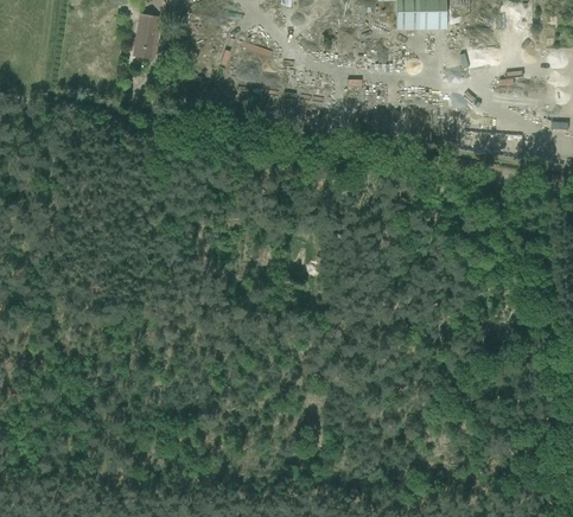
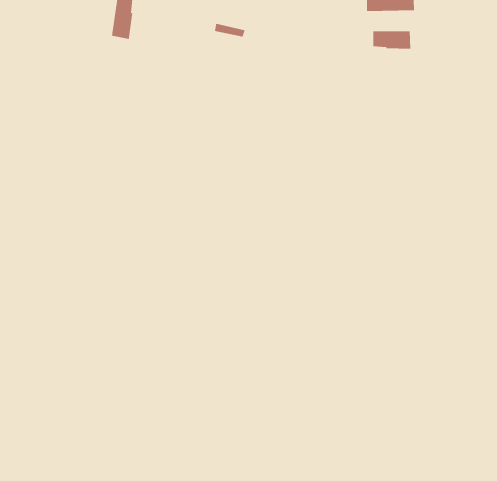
building: none -> [373,30,411,49]

